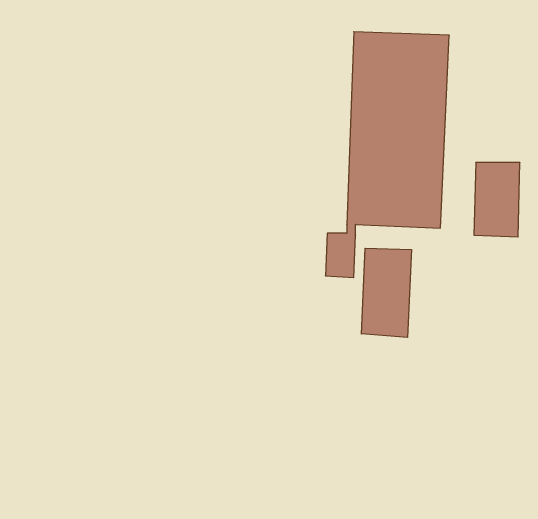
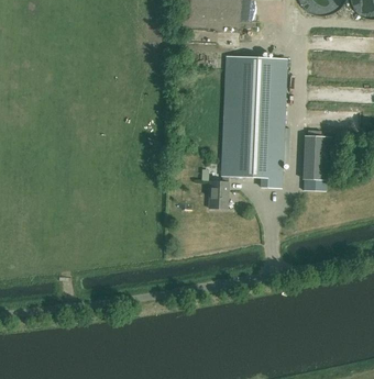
building: [361,248,411,337] -> none

